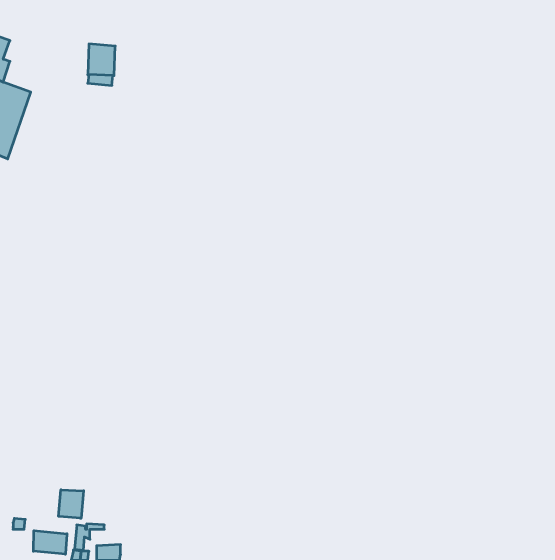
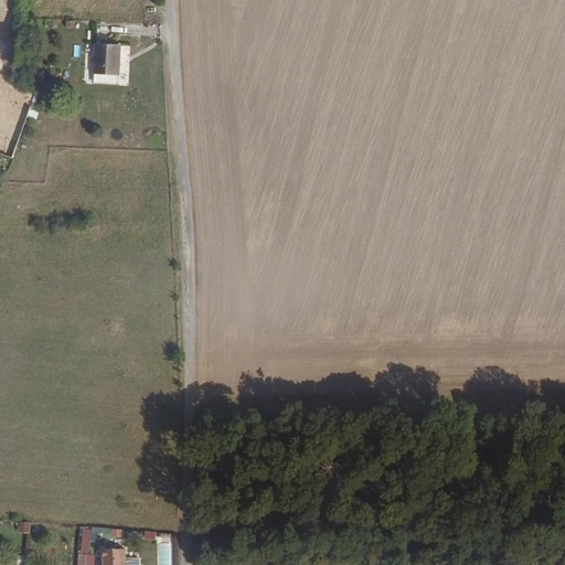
building: [59,490,84,518] -> none
building: [33,531,67,554] -> none

